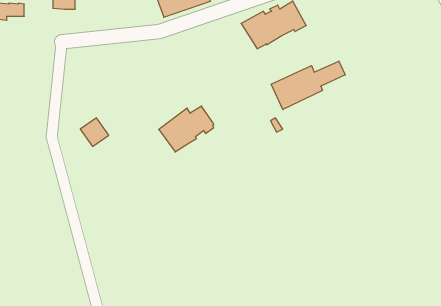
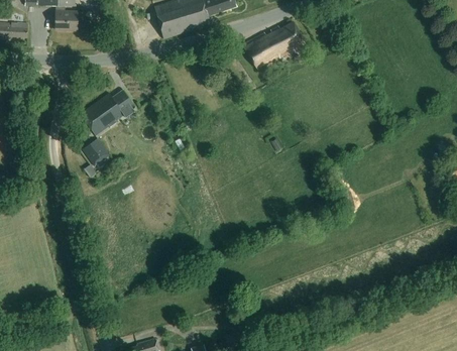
building: [271,61,345,110] -> none
building: [159,106,214,152] -> [80,90,134,135]

